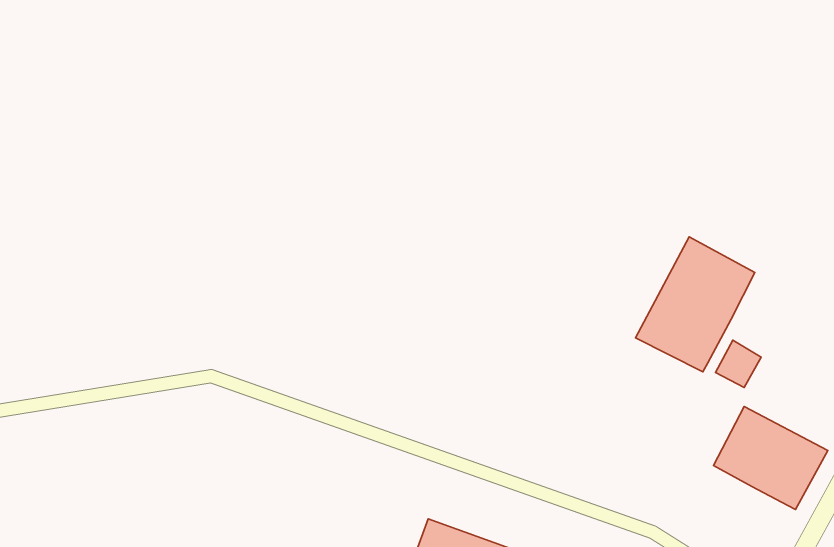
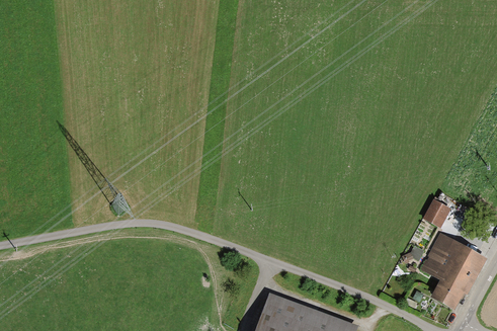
building: [636,237,755,372] -> none
building: none -> [432,276,462,304]

